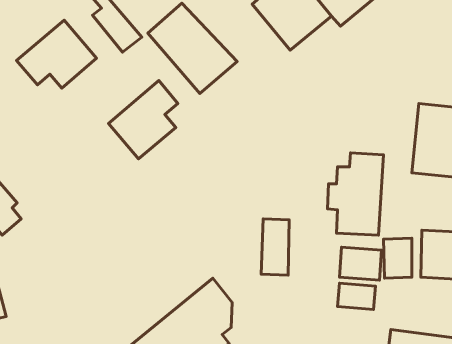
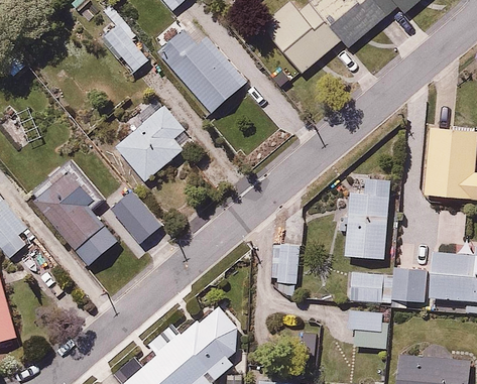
building: [16,20,96,88] -> none
building: none -> [34,169,117,265]
building: none -> [108,195,158,247]

